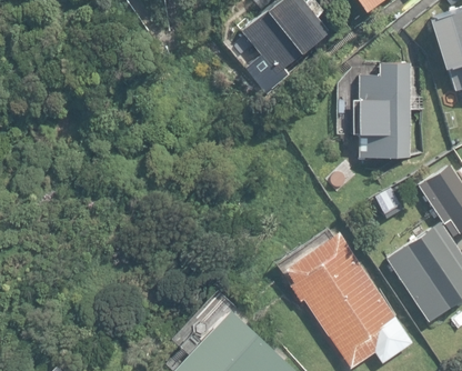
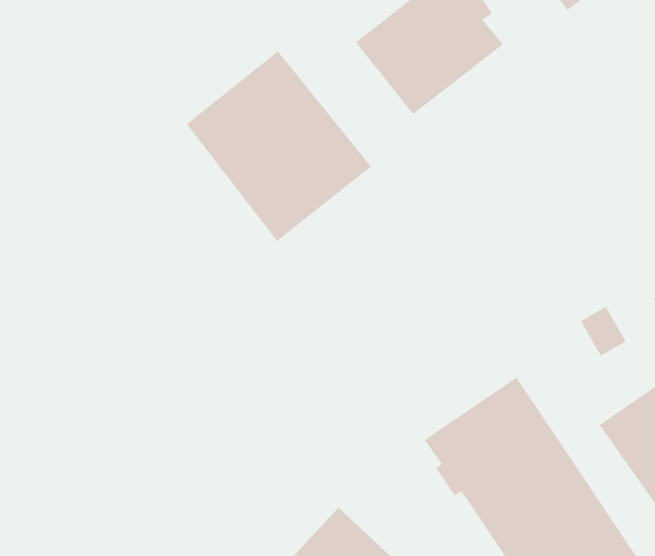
building: none -> [186,50,372,242]
building: [353,62,410,158] -> none

